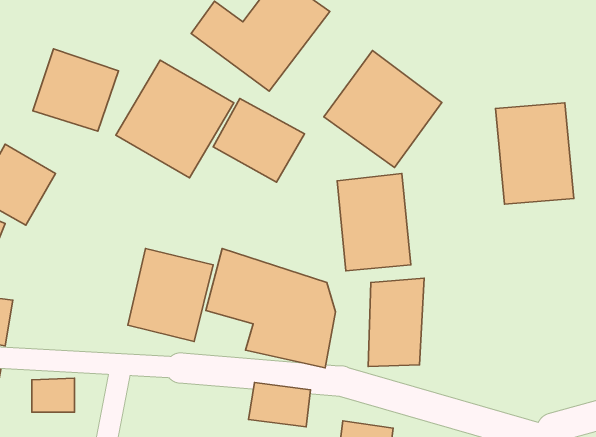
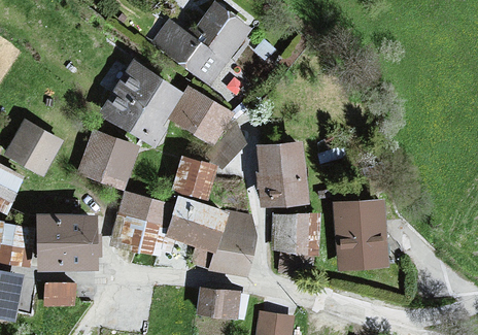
building: [33,49,118,131] -> [76,130,136,188]
building: [324,51,442,168] -> none
building: [496,103,574,204] -> [332,200,386,271]
building: none -> [170,154,217,198]
building: none -> [38,211,97,266]

